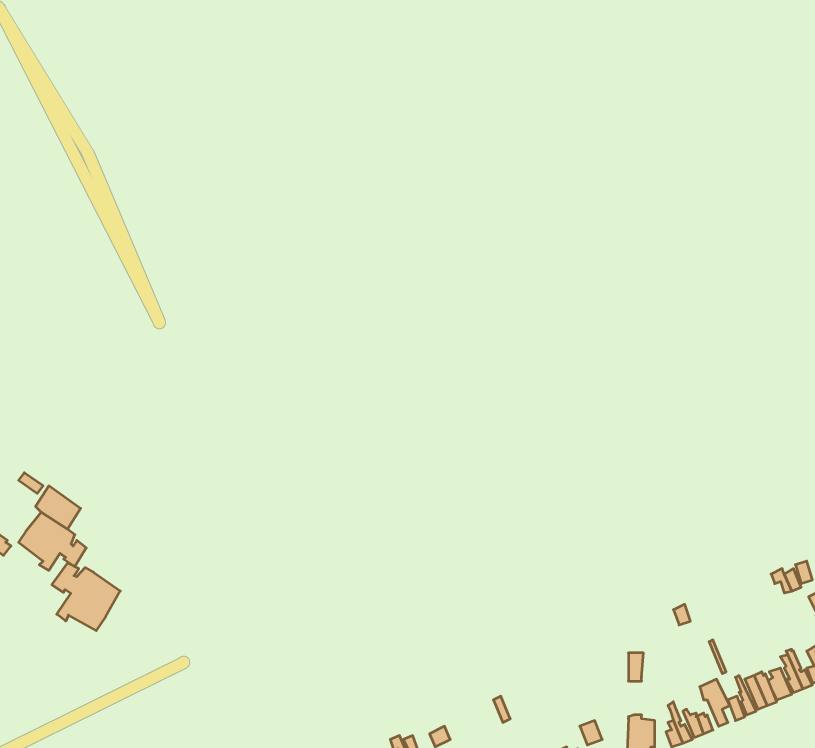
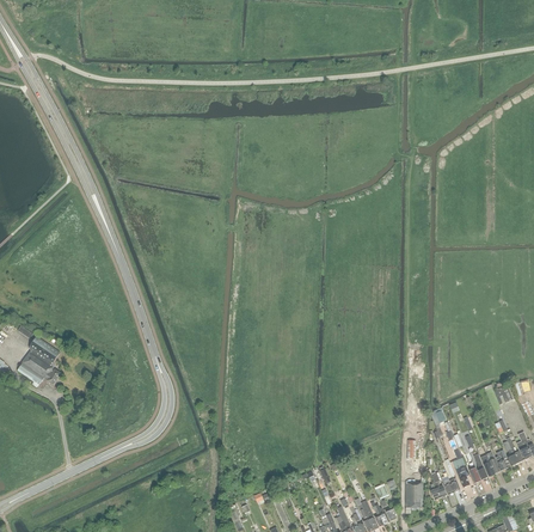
building: [52,563,120,631] -> none

